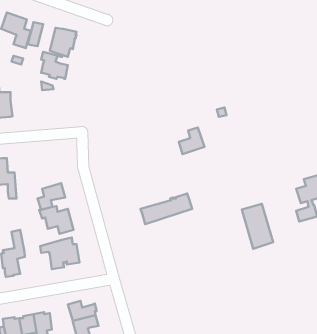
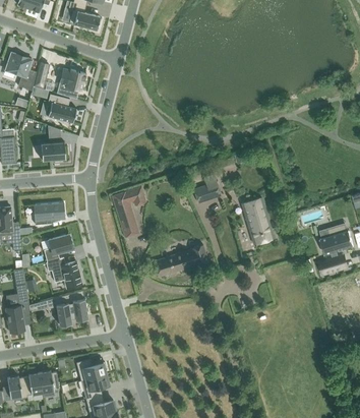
building: none -> [41,142,65,161]
building: none -> [112,187,146,238]
building: none -> [34,202,65,225]
building: [242,204,273,249] -> [241,198,275,246]

